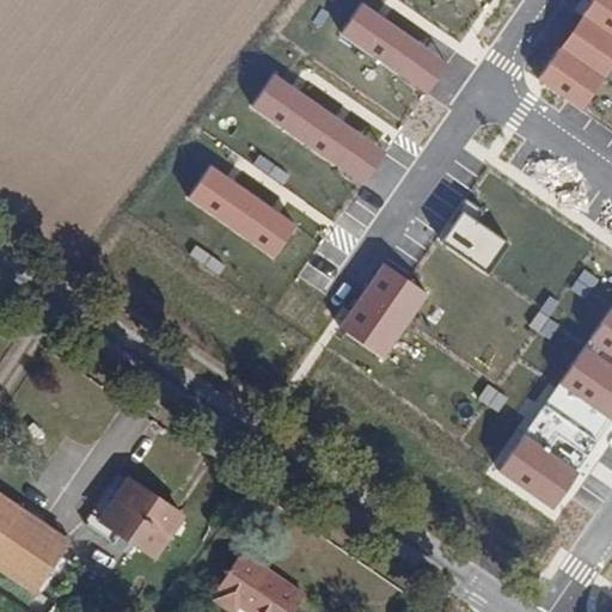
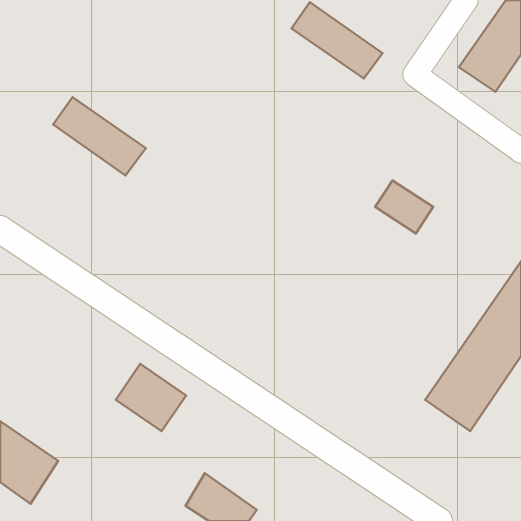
building: [251,72,388,184] -> none
building: [188,165,296,257] -> [53,97,146,176]
building: [341,263,429,356] -> none
building: [100,478,183,557] -> [116,364,186,431]

